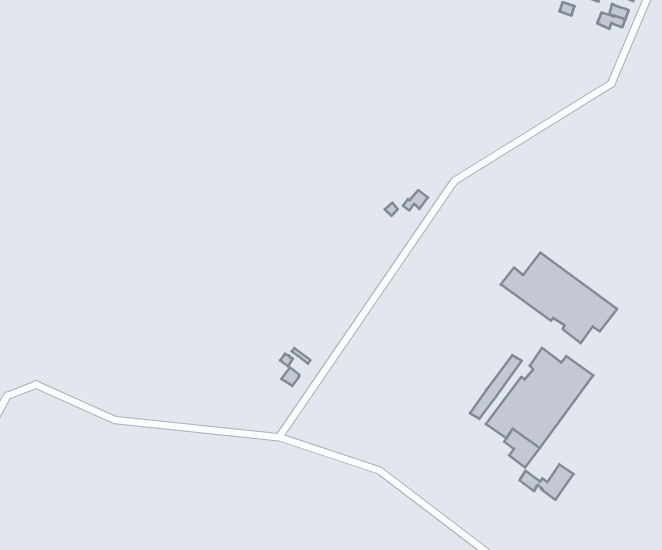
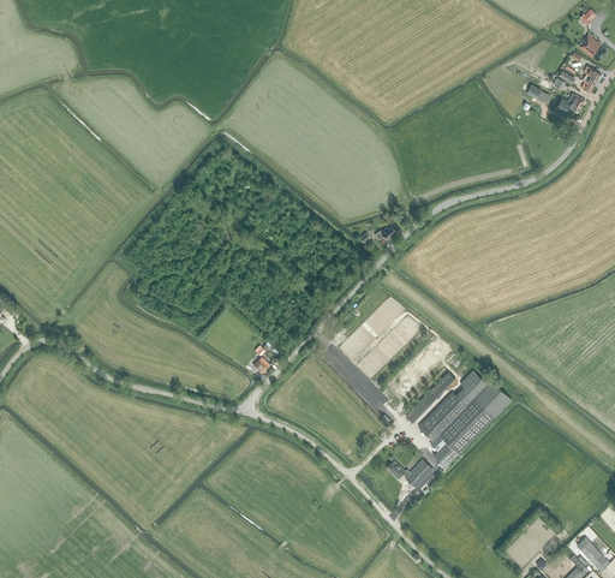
building: [501,253,617,343] -> none
building: [520,464,574,500] -> [388,459,434,488]

